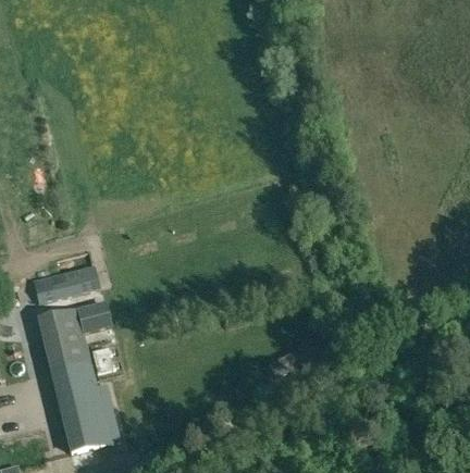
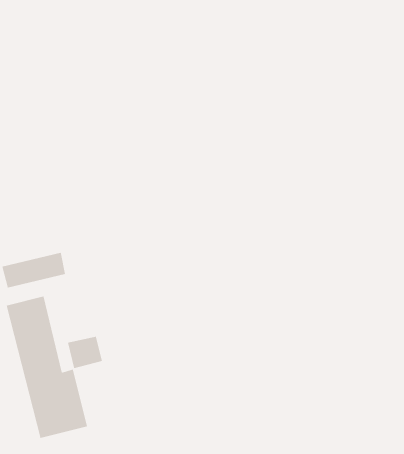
building: [76,300,112,333] -> [67,336,103,369]

